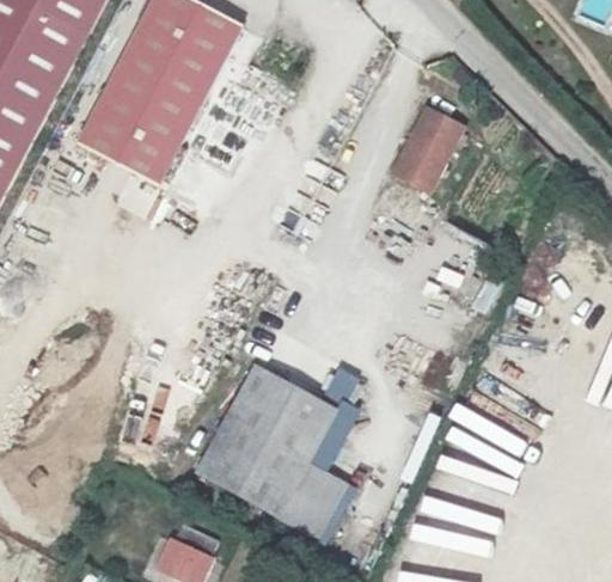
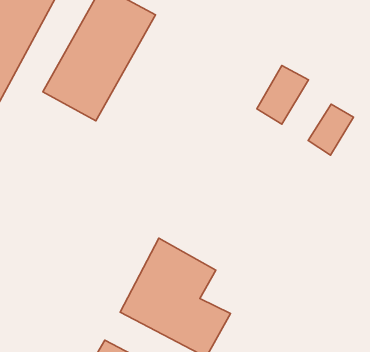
building: none -> [308,104,354,155]

